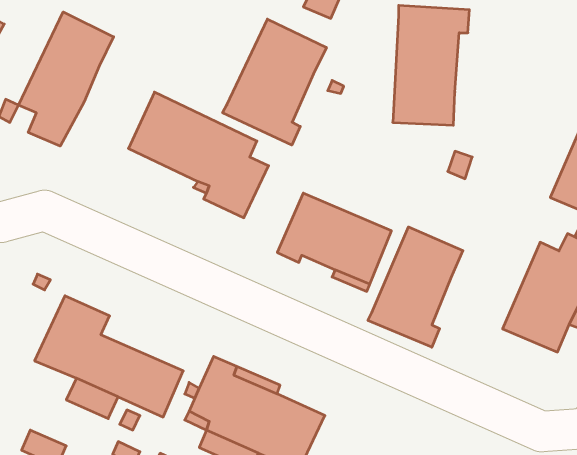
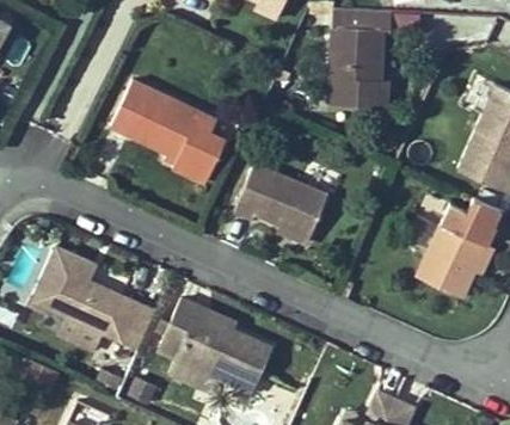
building: [19,12,114,146] -> none
building: [223,19,326,145] -> none
building: [368,227,463,347] -> none

